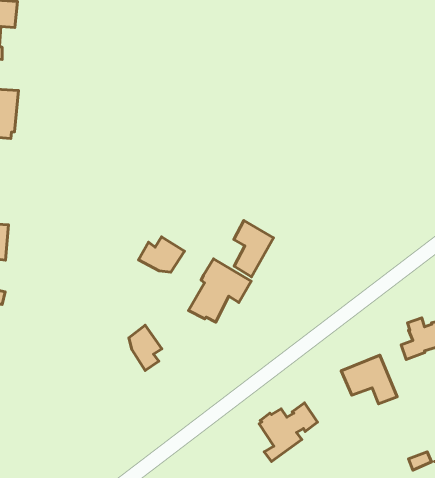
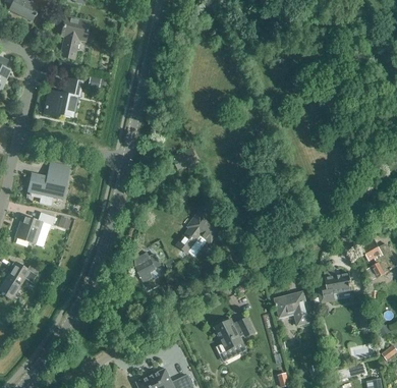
building: [234,221,274,277] -> none
building: [138,237,185,272] -> none

